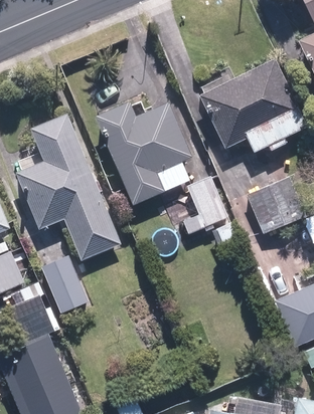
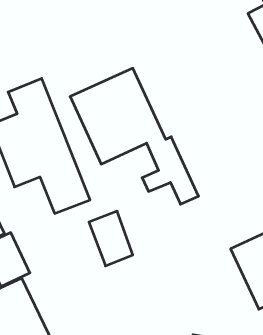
building: [190,58,306,153] -> none
building: [244,175,307,235] -> none
building: [40,254,89,315] -> [89,211,133,266]

